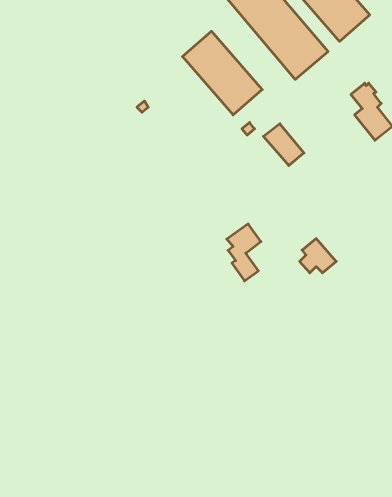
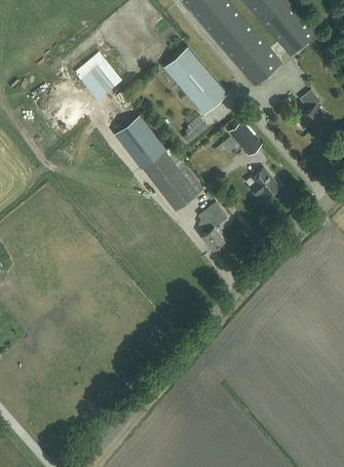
building: none -> [76,52,121,98]
building: none -> [113,114,196,208]
building: [300,239,336,273] -> [250,169,279,197]

